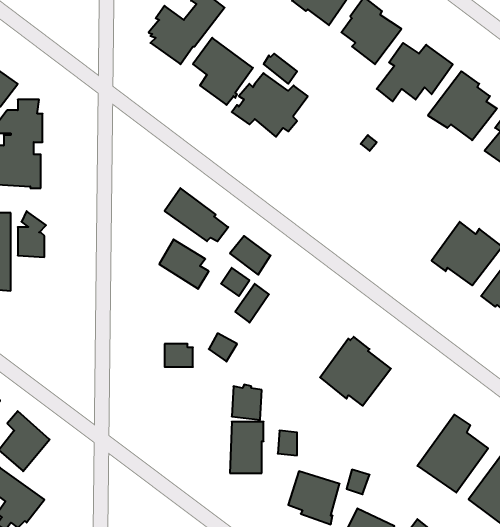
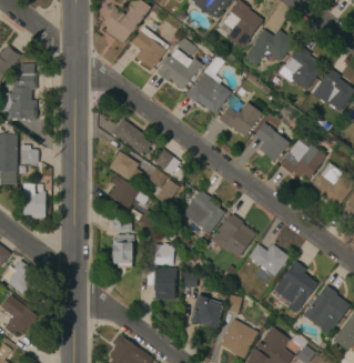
building: none -> [186,54,231,113]
building: none -> [219,95,262,137]
building: none -> [255,124,290,161]
building: none -> [110,175,149,208]
building: none -> [22,182,45,218]
building: none -> [183,190,224,233]
building: none -> [113,235,133,268]
building: none -> [249,244,289,276]

